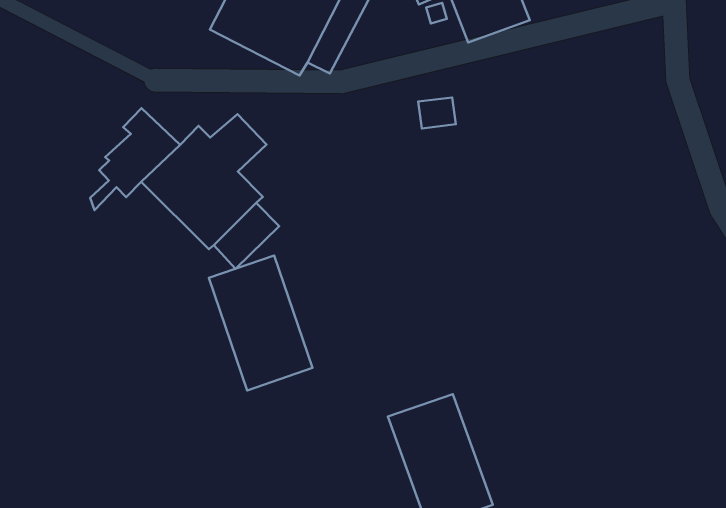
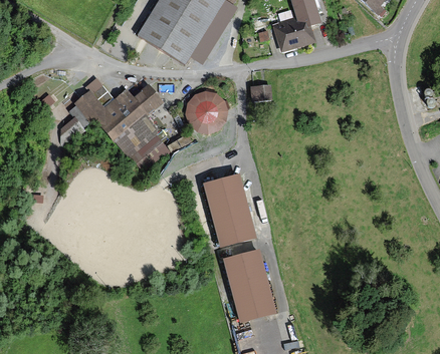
building: none -> [187,91,229,132]
building: [209,256,312,390] -> [202,171,256,246]

